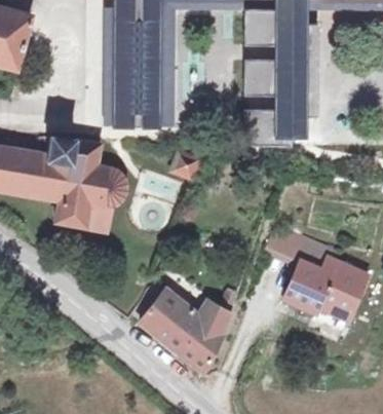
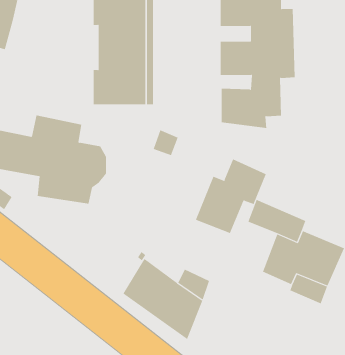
building: none -> [195,159,266,234]

